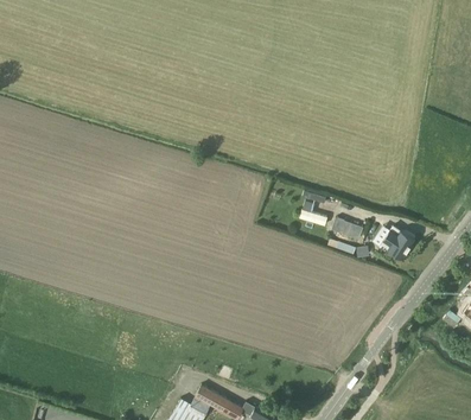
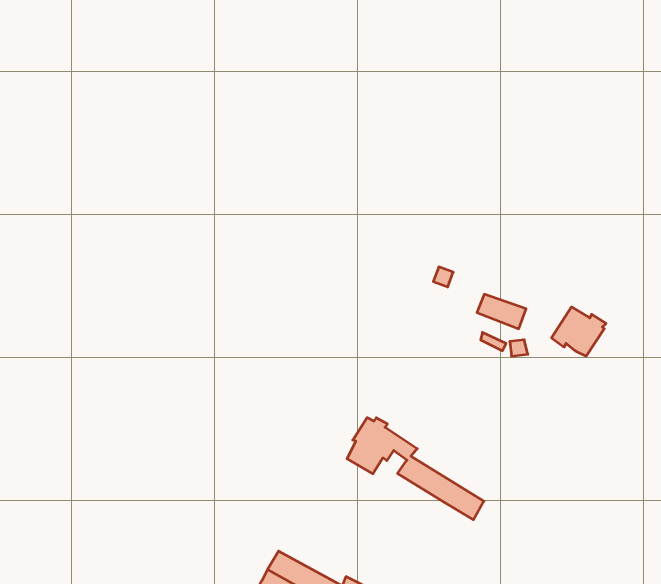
building: none -> [347,418,484,520]

